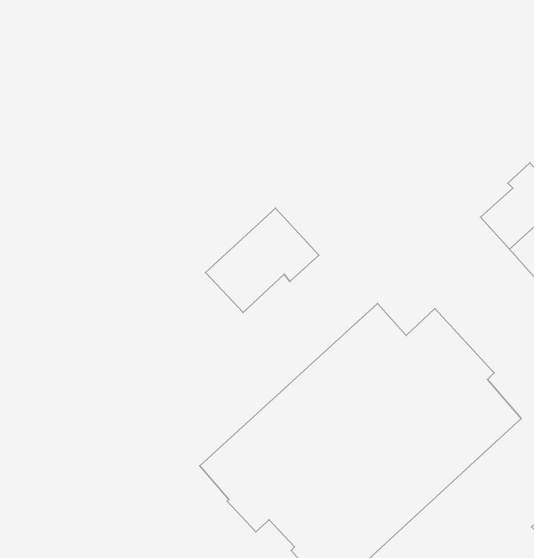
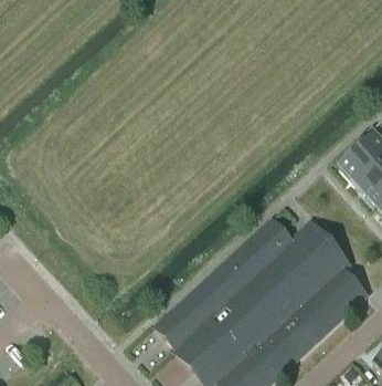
building: [206,208,319,313] -> none

